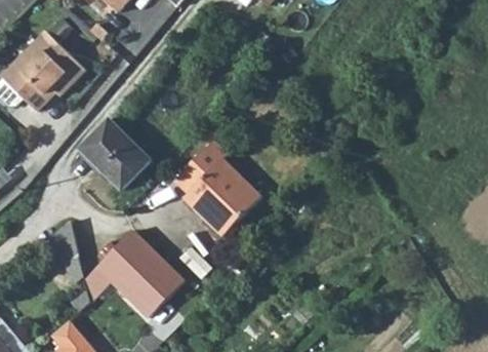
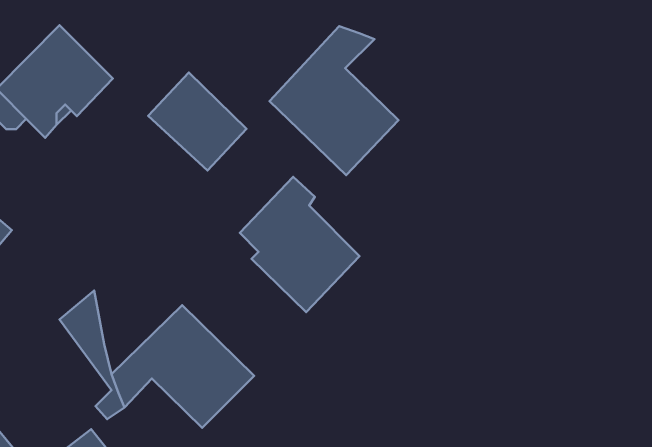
building: none -> [270,26,398,175]
building: [81,120,151,190] -> [148,72,246,171]

